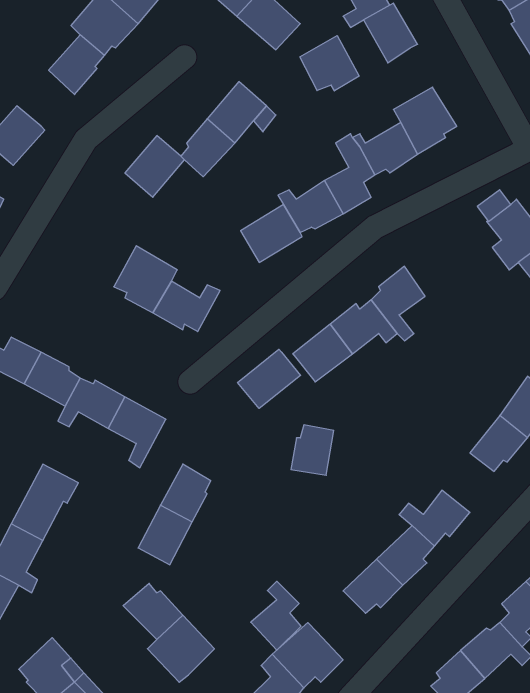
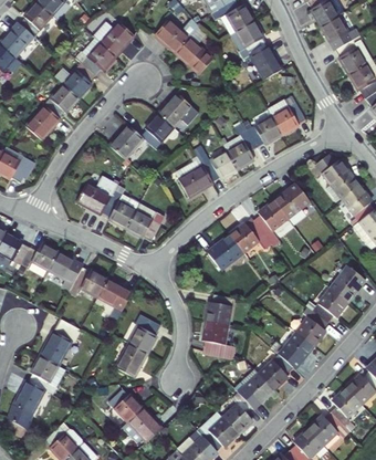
building: [300,36,359,91] -> none
building: none -> [44,84,79,117]
building: none -> [75,175,117,215]
building: none -> [274,184,310,218]
building: [238,349,301,408] -> none
building: none -> [296,311,327,346]
building: none -> [203,321,228,352]
building: [251,581,301,650] -> [222,393,252,433]

